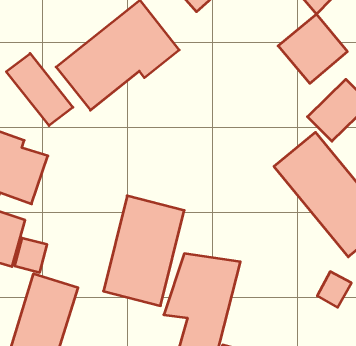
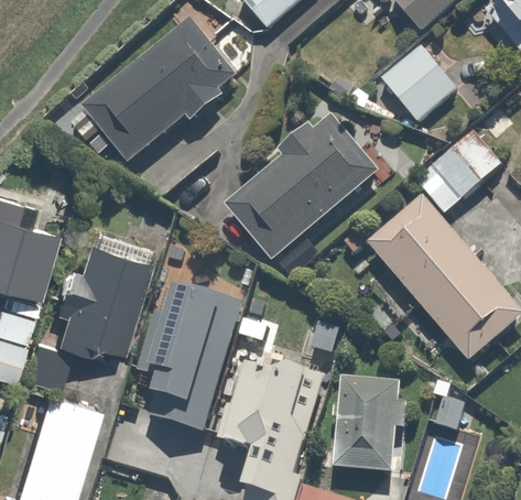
building: [6,53,73,126] -> none
building: none -> [219,110,378,259]
building: none -> [53,225,162,361]
building: none -> [333,379,404,469]

